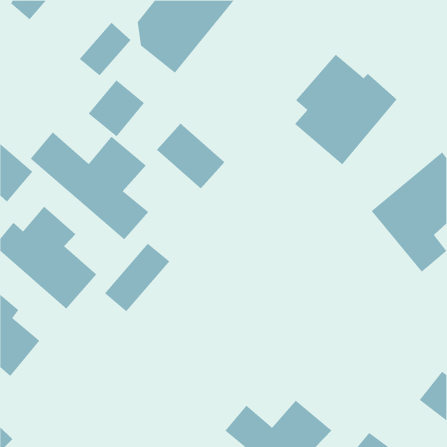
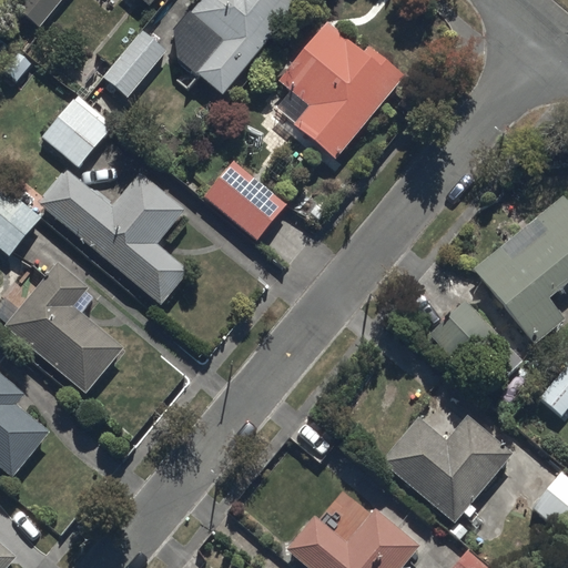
building: [294,54,398,165] -> [274,19,405,160]
building: [88,79,145,137] -> [40,95,112,169]
building: [104,243,170,312] -> none
building: none -> [382,415,511,521]

